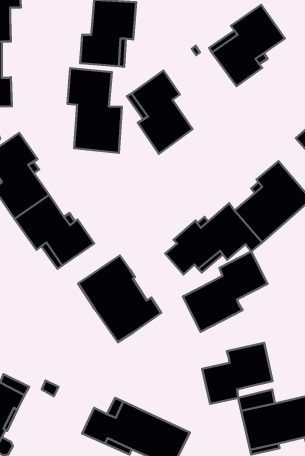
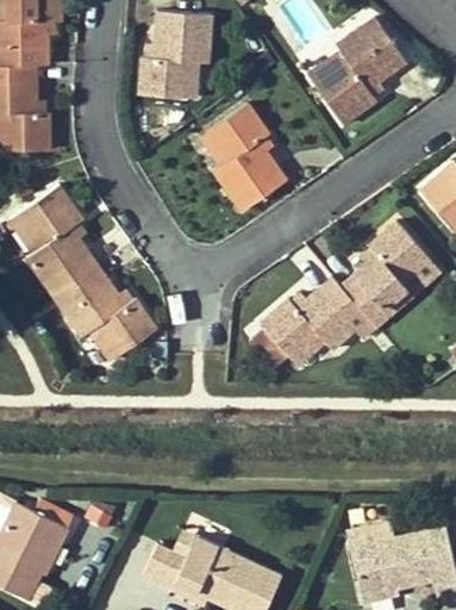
building: [68,68,122,153] -> none
building: [183,252,268,332] -> none
building: [78,255,161,342] -> none
building: [202,343,272,404] -> none

